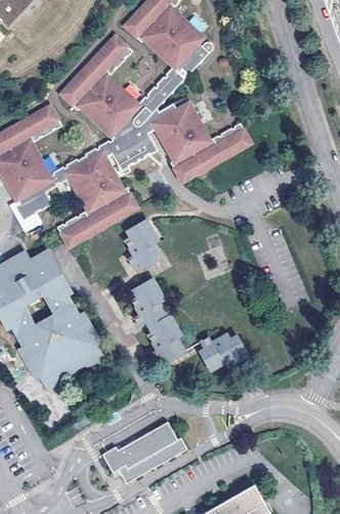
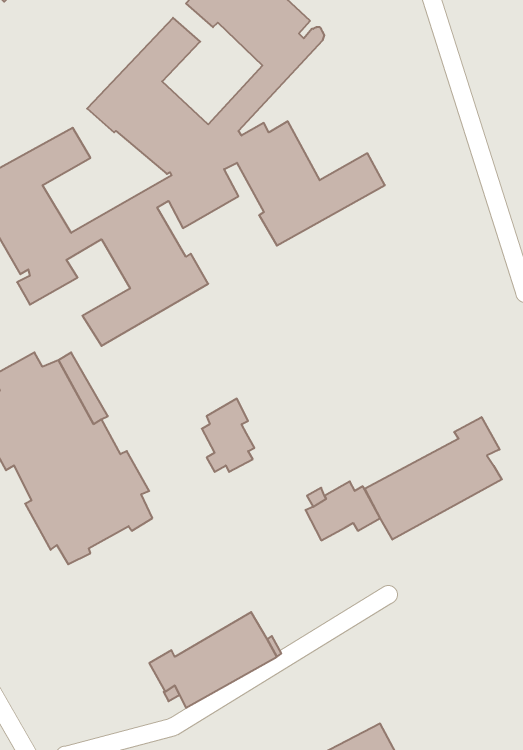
building: [129,222,162,270] -> none
building: none -> [365,417,502,540]
building: [148,317,182,363] -> none

